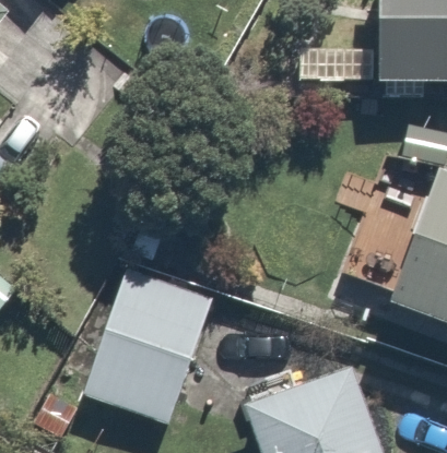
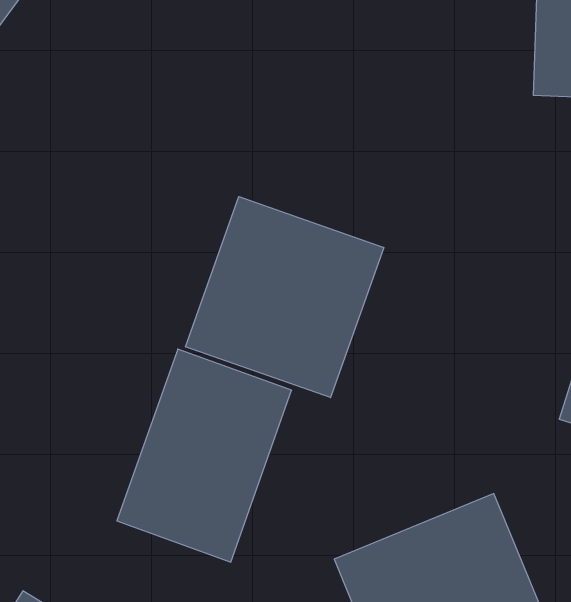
building: none -> [186,197,384,398]

